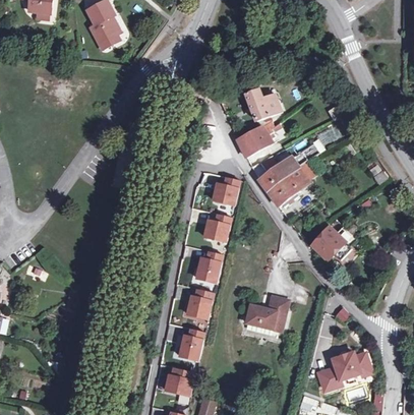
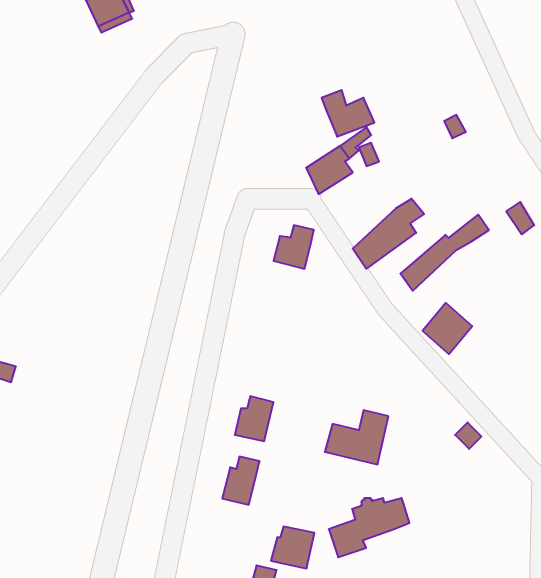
building: [258,141,316,191] -> [400,215,489,291]
building: [205,213,233,241] -> none
building: [198,250,224,282] -> none
building: [320,354,373,393] -> [329,498,409,557]
building: [167,367,195,395] -> [271,527,314,568]

